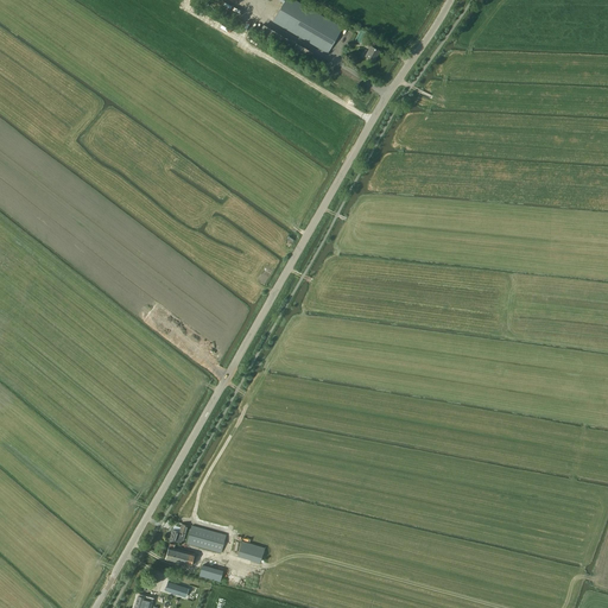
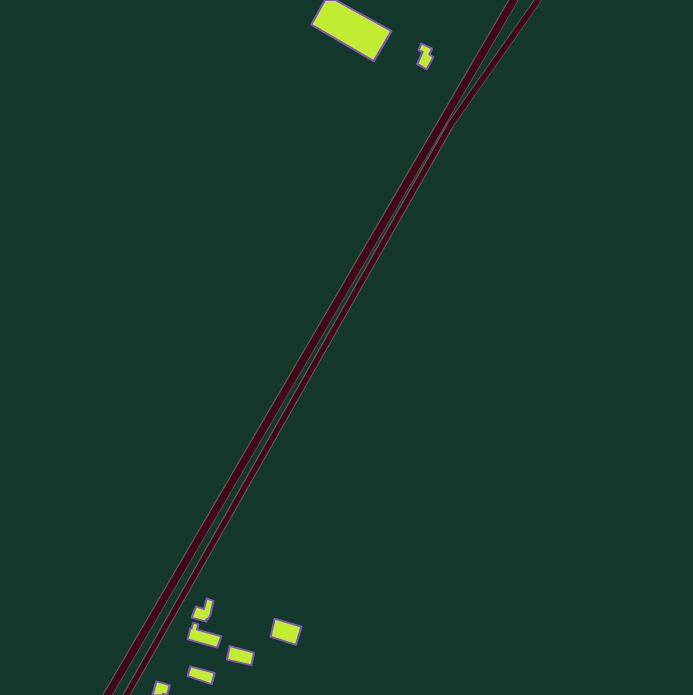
building: [185,525,224,553] -> none

